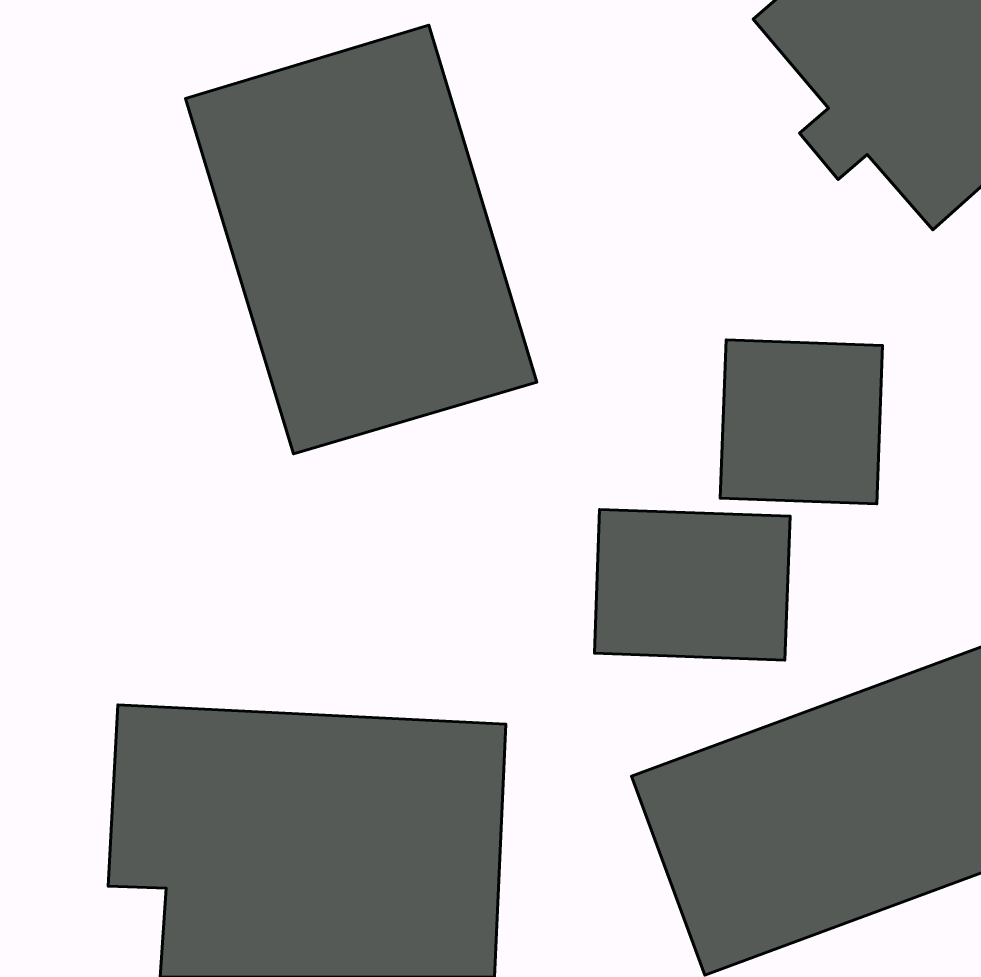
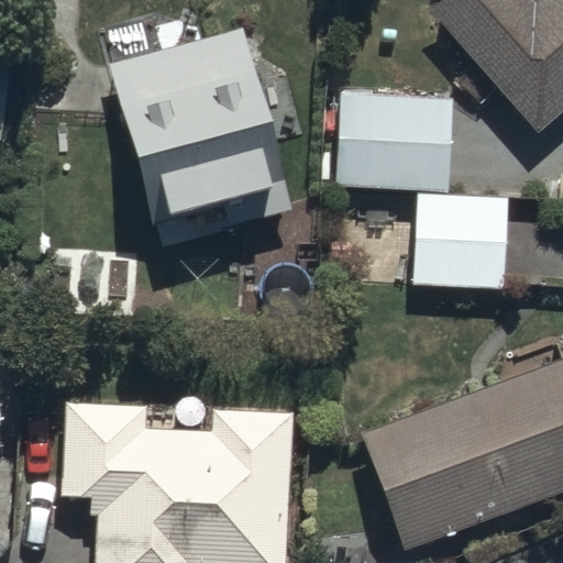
building: none -> [321,92,452,190]
building: [594,509,790,660] -> none

